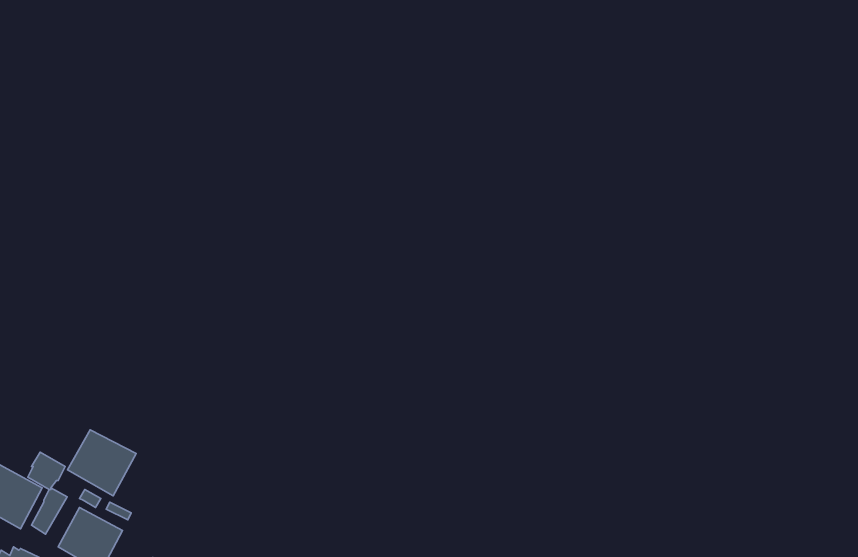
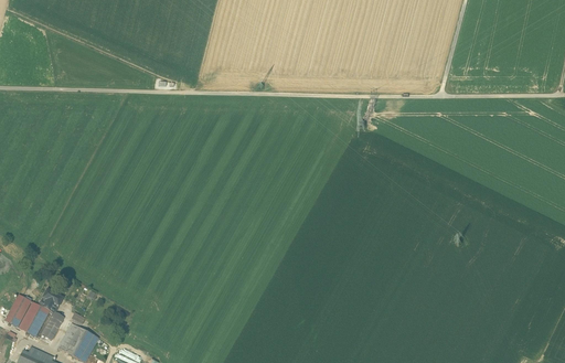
building: [68,430,136,496] -> none

